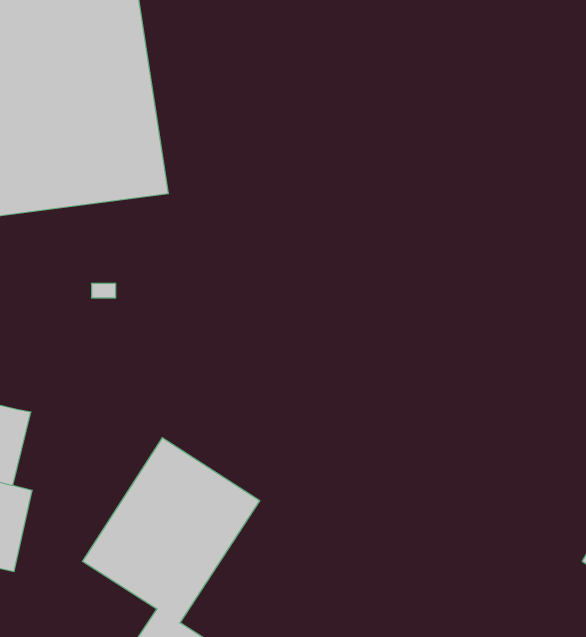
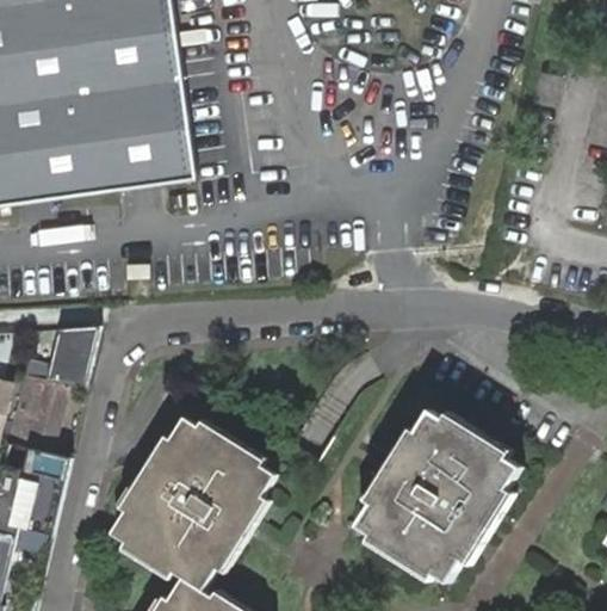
building: none -> [50,327,95,389]
building: none -> [359,408,522,580]

